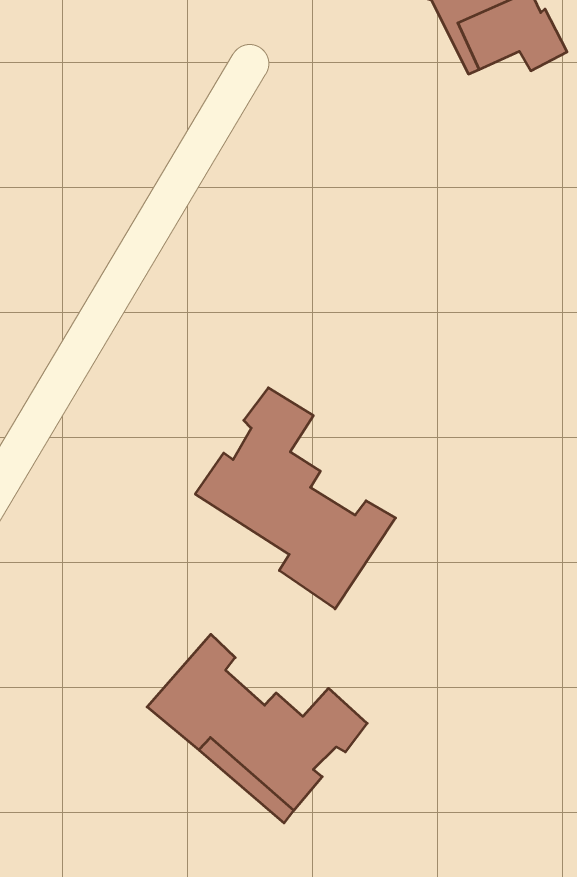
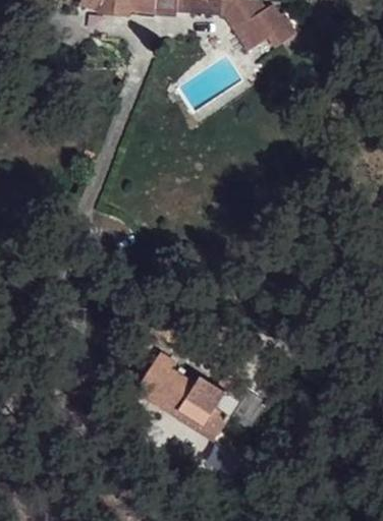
building: [195,388,396,609] -> none

